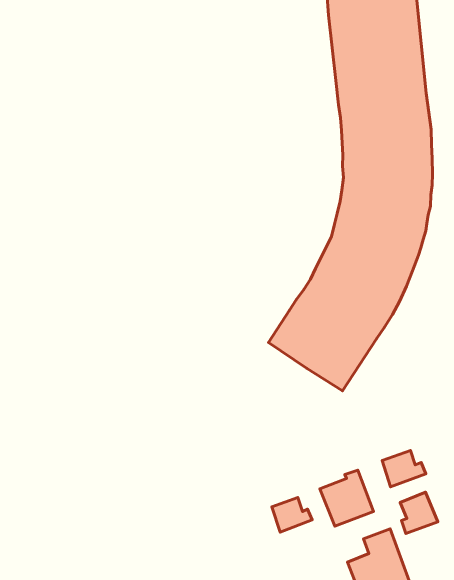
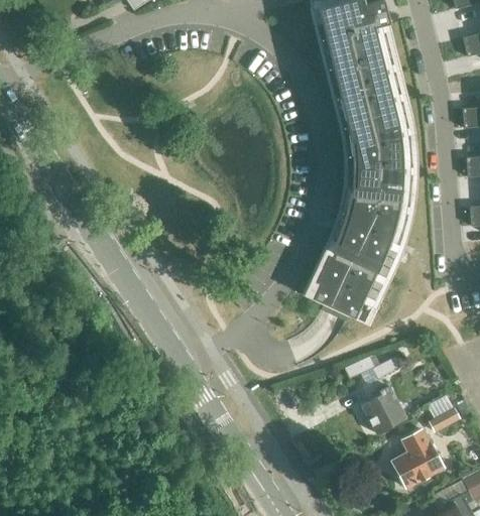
building: [382,451,426,487] -> none
building: [272,498,312,532] -> none

